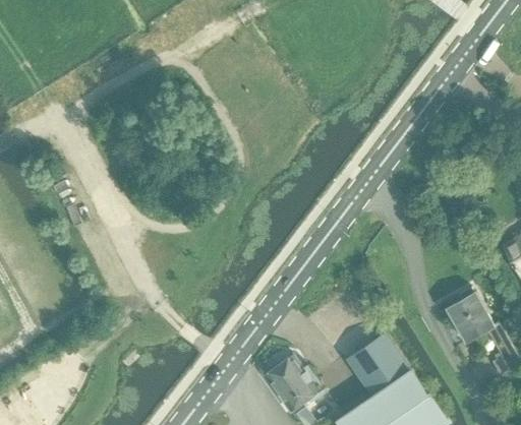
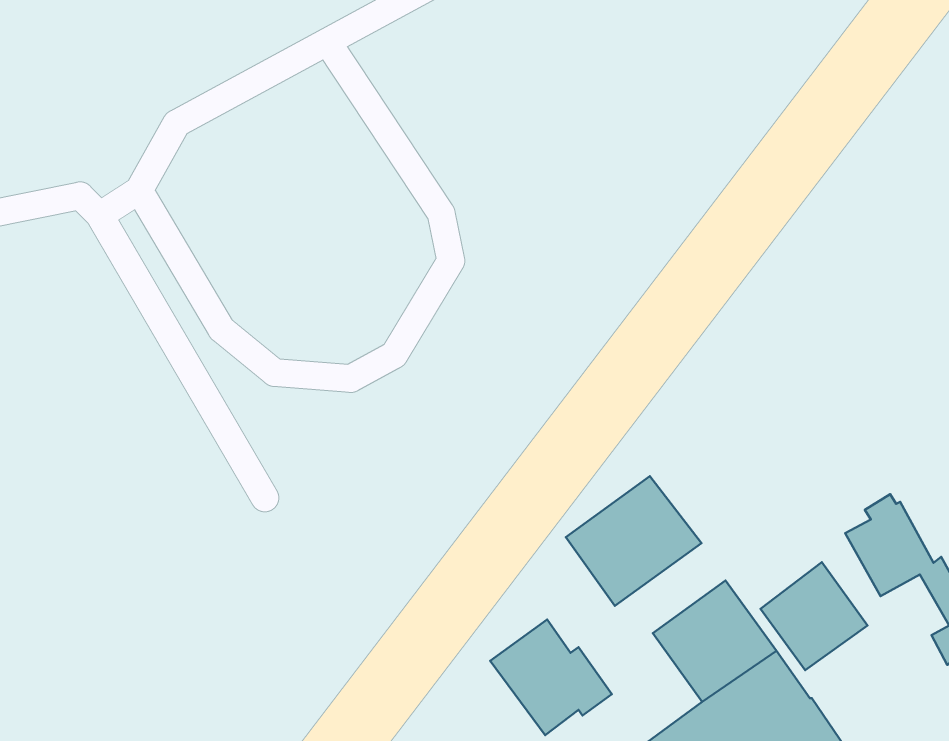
building: none -> [566,476,702,606]
building: none -> [761,562,868,670]

